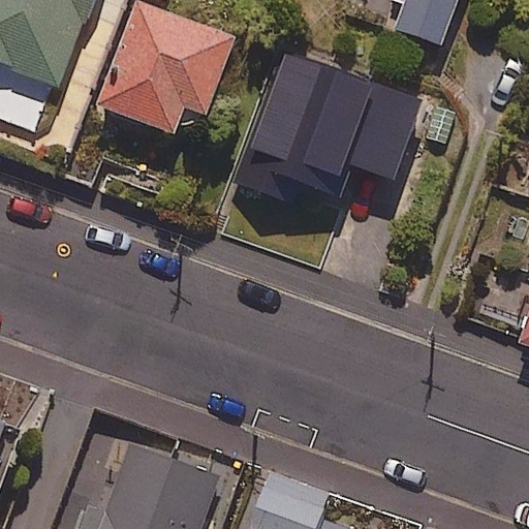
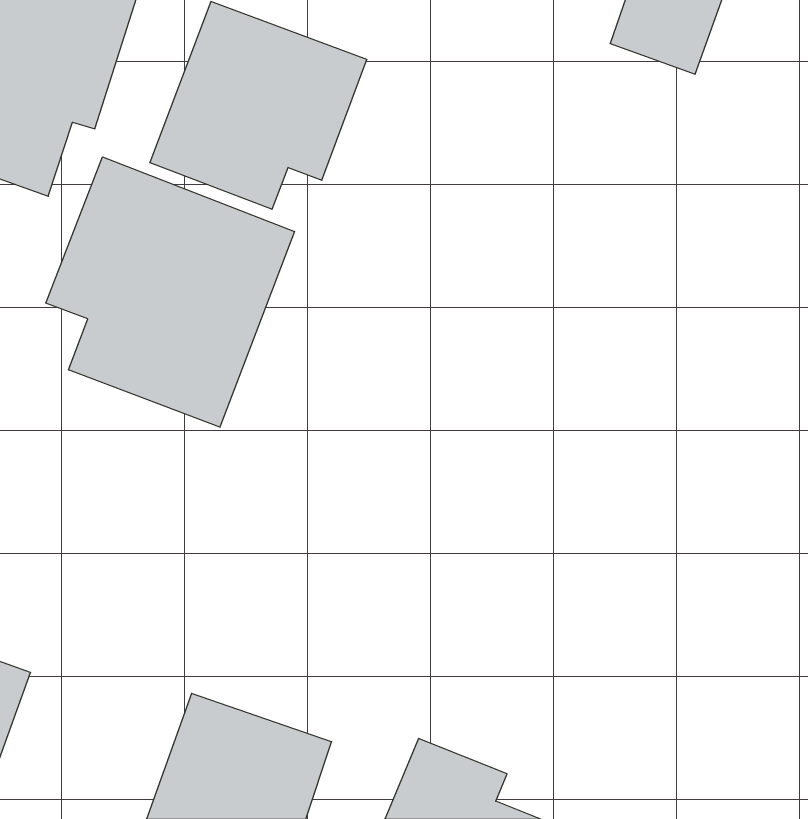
building: [231,49,422,203] -> none
building: none -> [46,157,294,427]

